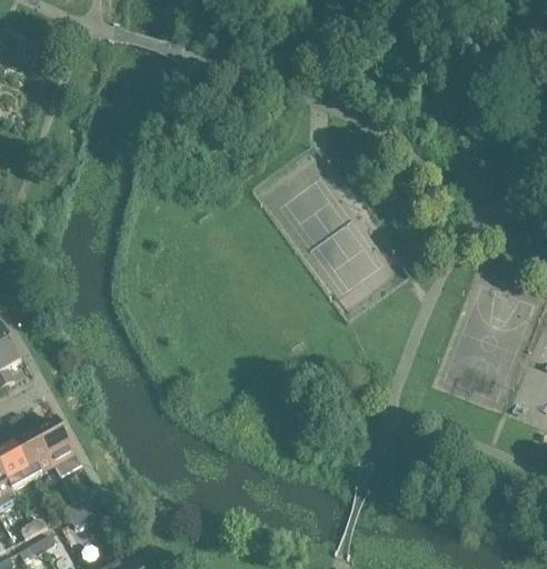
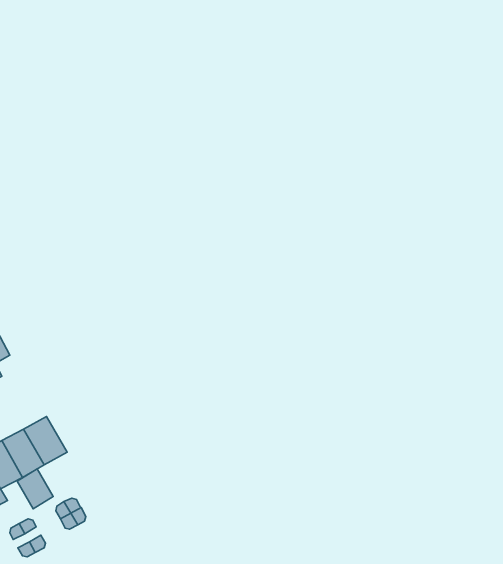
building: none -> [17,469,53,509]

